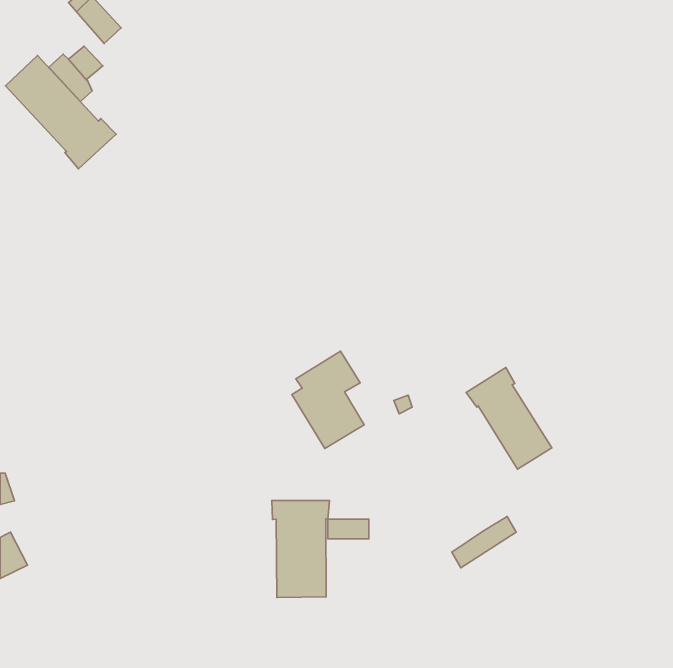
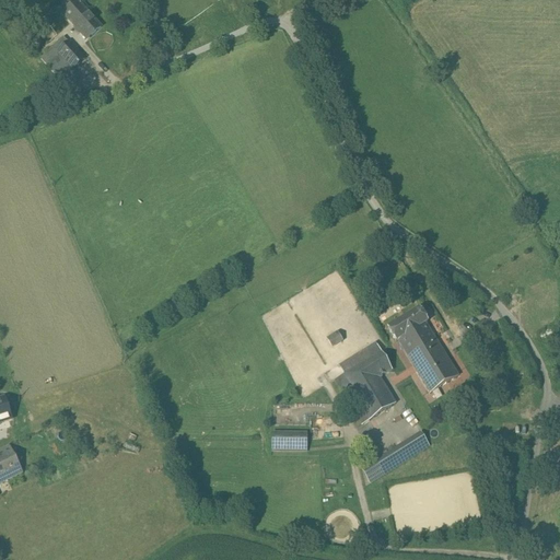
building: [5,55,116,169] -> none
building: [292,351,364,449] -> [335,340,395,421]
building: [272,500,329,597] -> none

